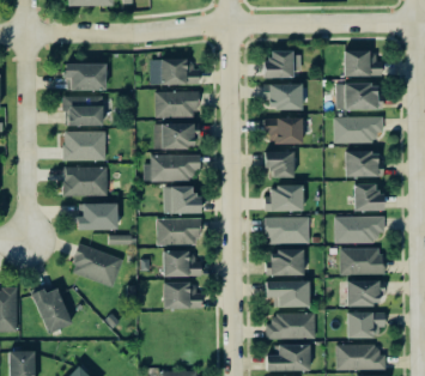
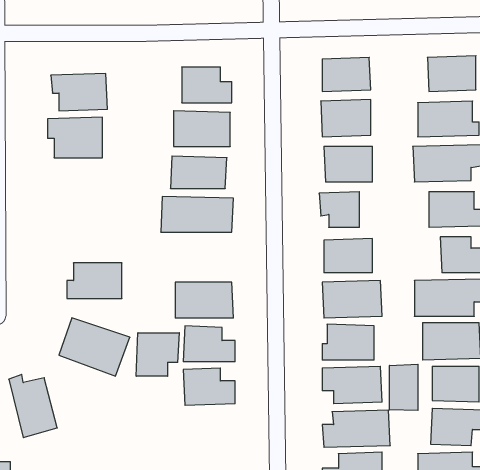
building: [63,132,107,162] -> none
building: [65,166,108,196] -> none
building: [164,187,201,213] -> none
building: none -> [136,333,179,376]
building: none -> [389,364,418,410]

